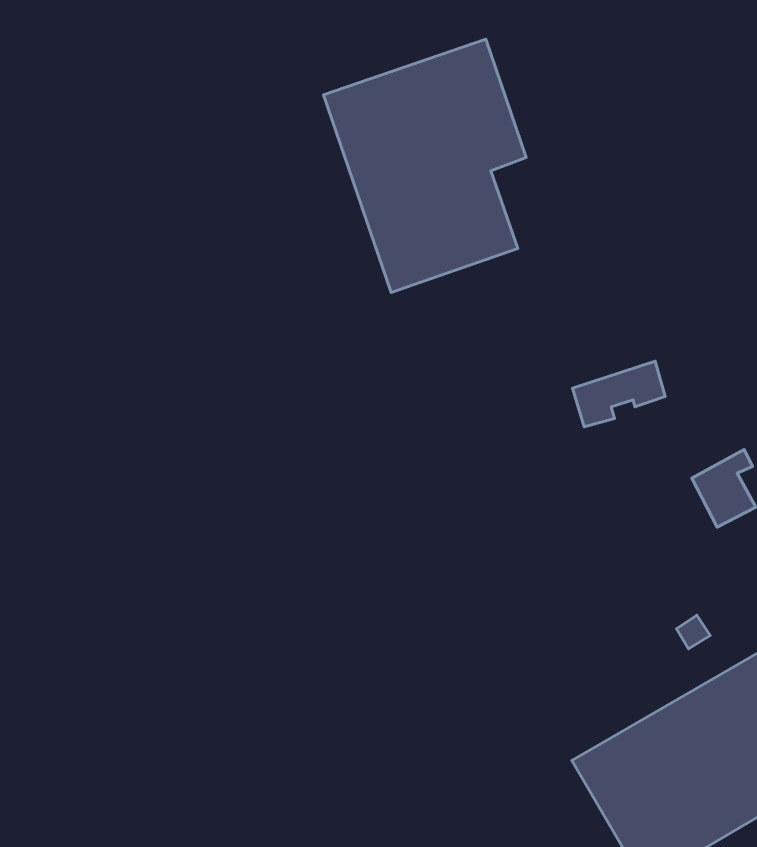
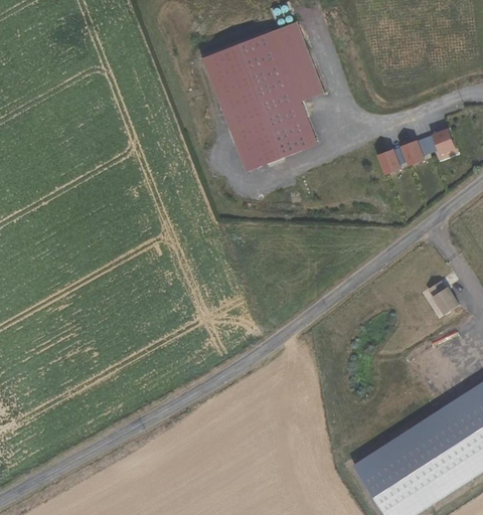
building: none -> [377,150,403,178]
building: [572,361,665,427] -> [400,129,456,168]

